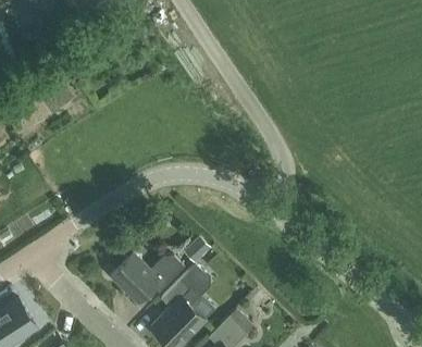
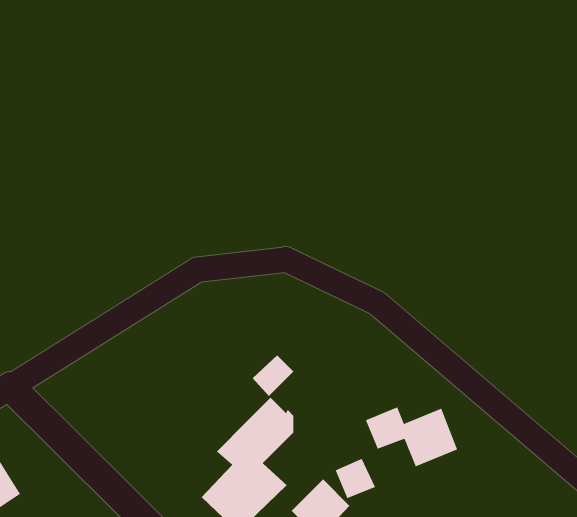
building: [109,253,183,303] -> none
building: none -> [365,407,458,467]

